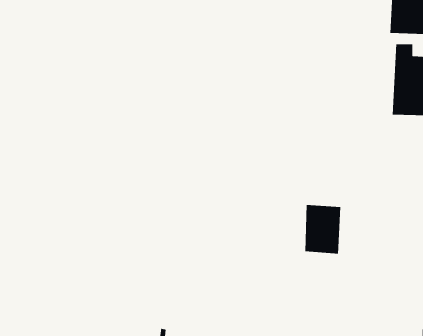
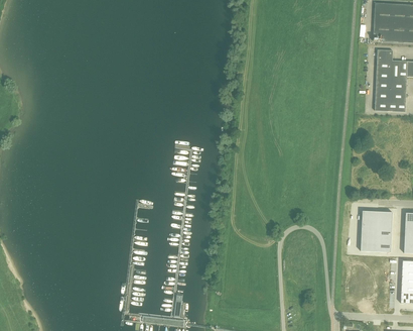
building: [305,204,341,254] -> [361,210,392,252]

